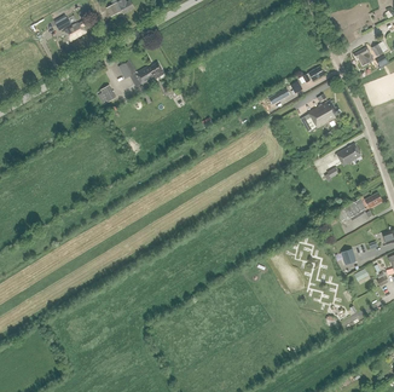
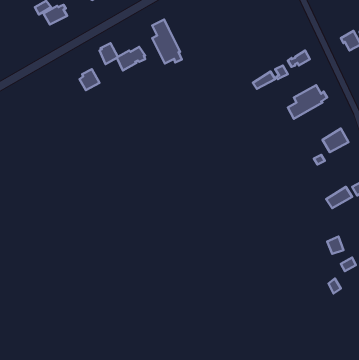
building: none -> [152,19,182,63]

